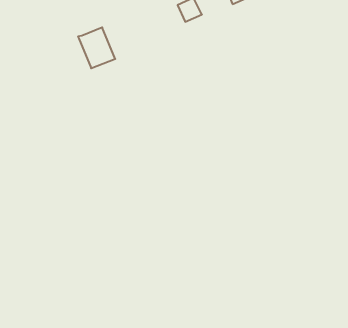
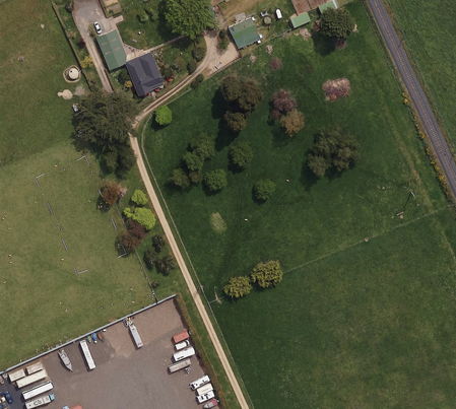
building: none -> [96,28,128,69]

